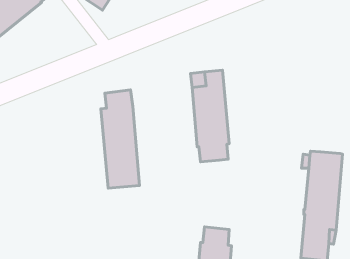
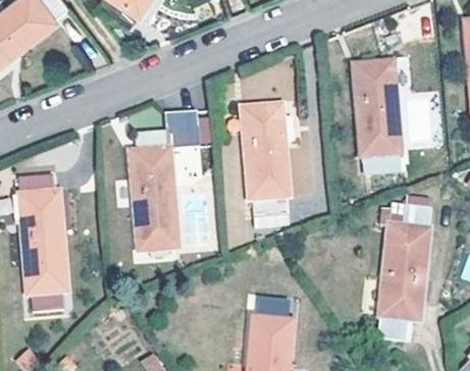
building: none -> [354,61,400,173]
building: none -> [165,110,199,149]
building: none -> [18,174,66,311]

